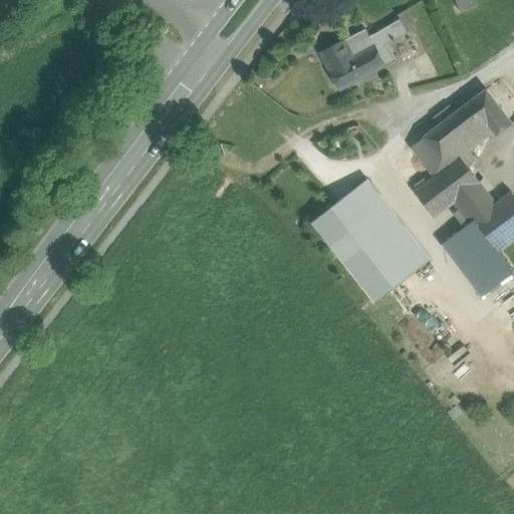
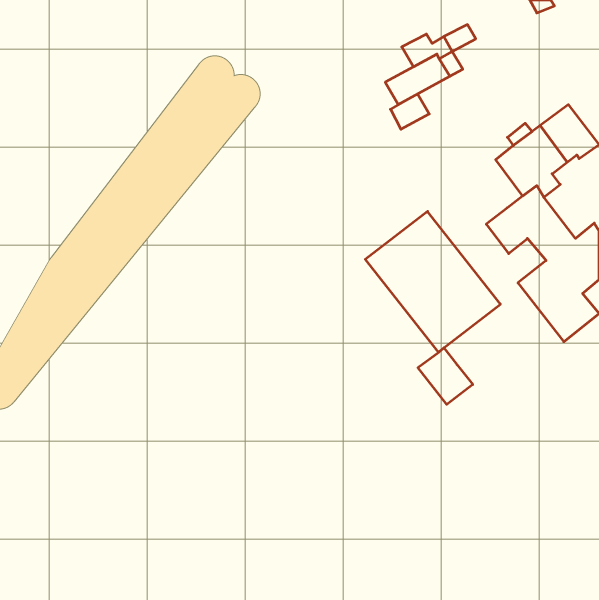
building: [320,40,353,70] -> [390,94,429,129]
building: [411,137,447,178] -> none
building: none -> [418,348,473,404]

